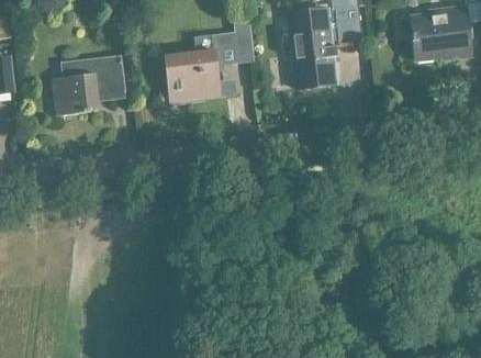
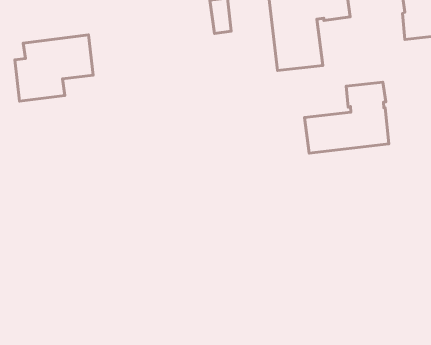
building: [165,32,227,100] -> none
building: none -> [304,82,389,153]

